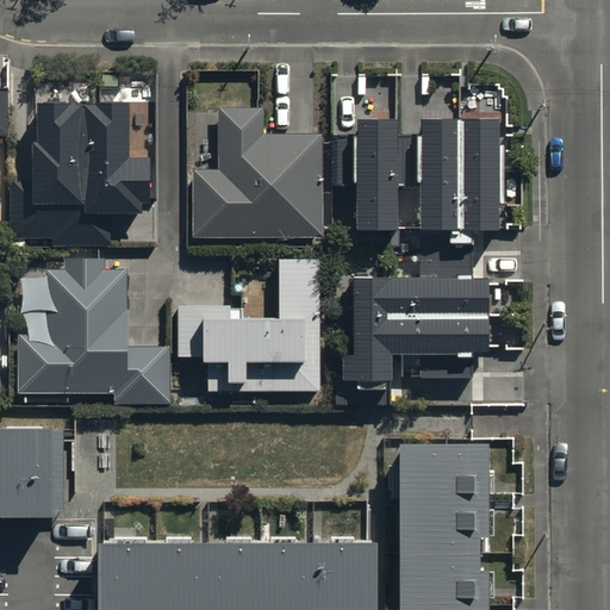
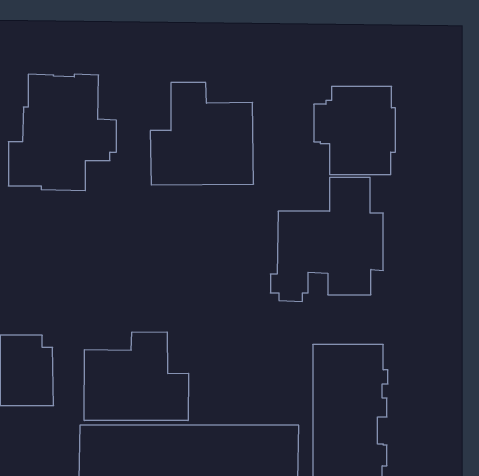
building: [335,120,397,232] -> none
building: [20,259,168,406] -> none
building: [179,259,322,392] -> none
building: none -> [84,332,189,421]

